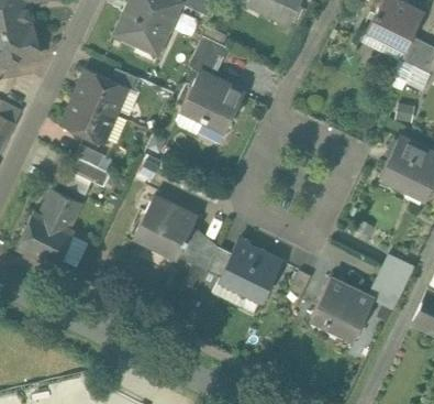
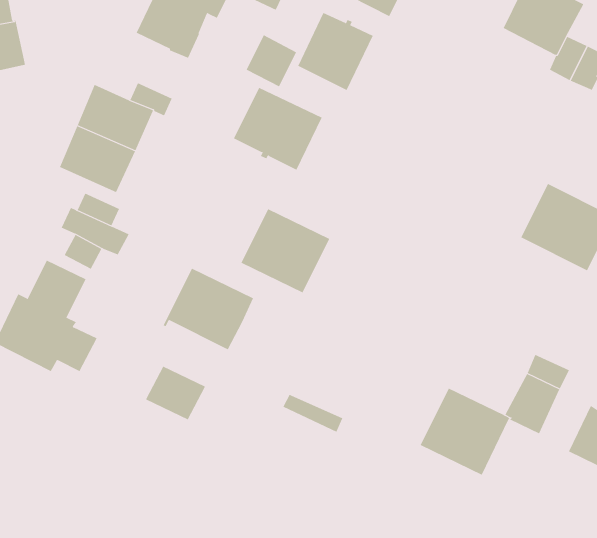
building: none -> [298,12,373,91]
building: [177,233,219,271] -> [145,366,206,420]
building: [220,241,281,299] -> [241,208,330,293]

